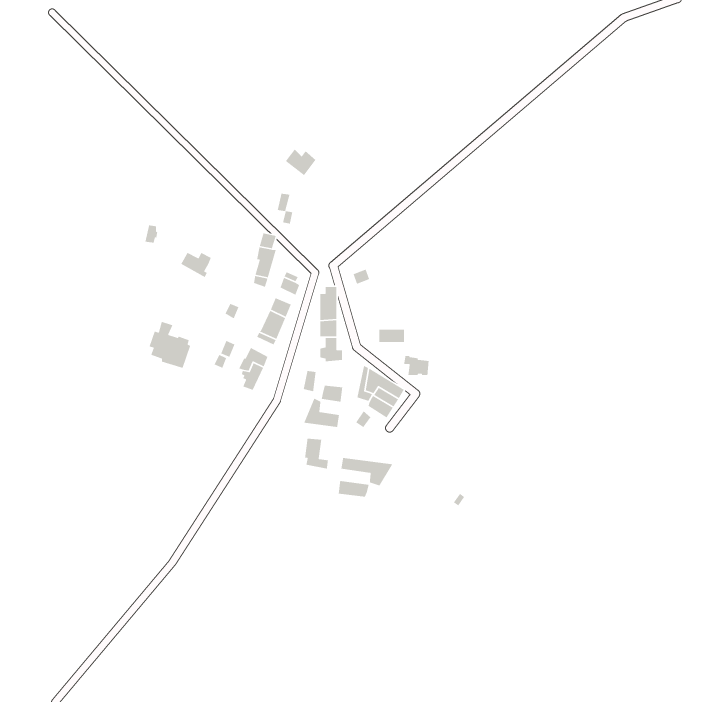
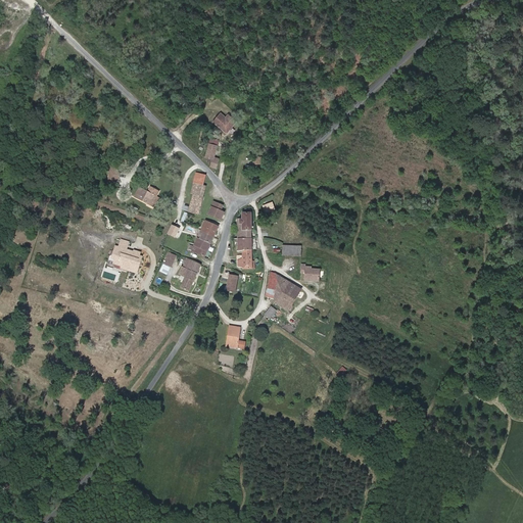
building: [303,385,343,428] -> none
building: [338,457,394,497] -> none

